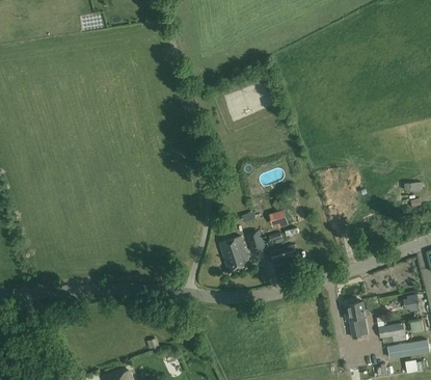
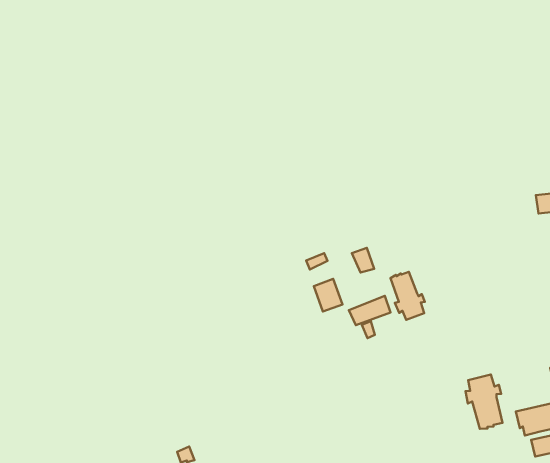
building: none -> [391,272,425,320]
building: [218,236,248,269] -> none

